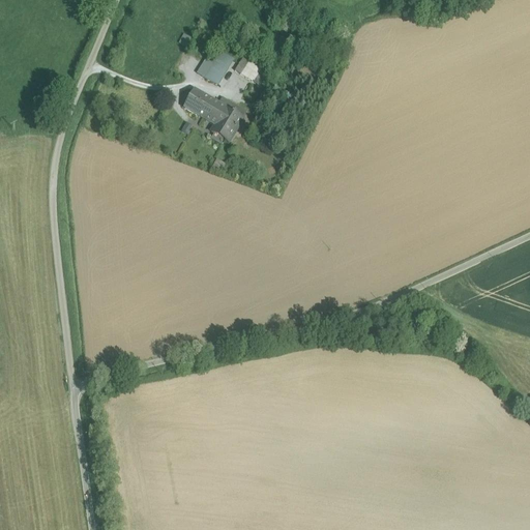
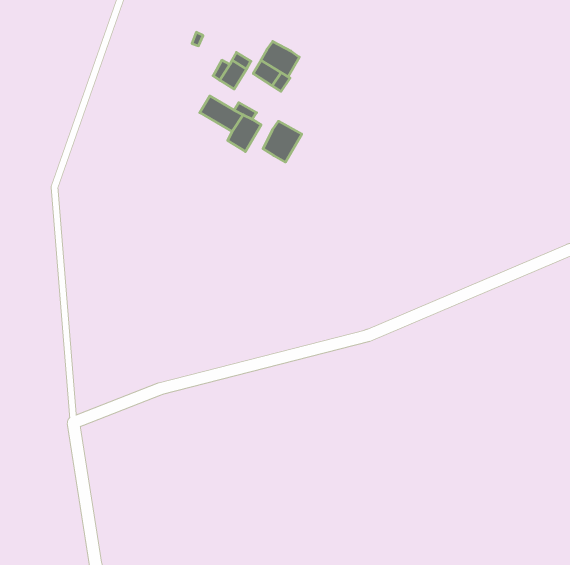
building: none -> [261,41,299,77]
building: none -> [263,121,302,162]

